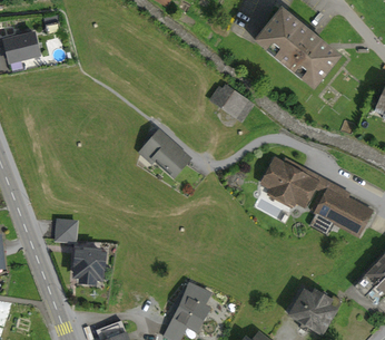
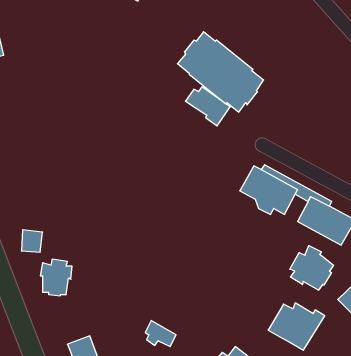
building: [256,10,337,86] -> [177,32,264,112]
building: [144,132,187,174] -> none
building: none -> [290,246,334,290]
building: [178,283,209,319] -> none

